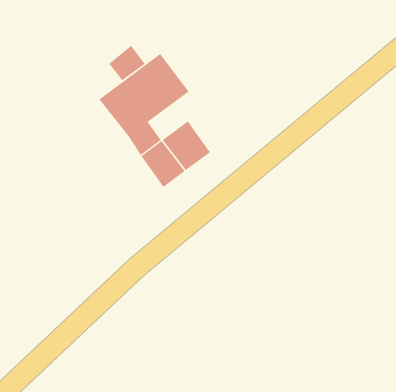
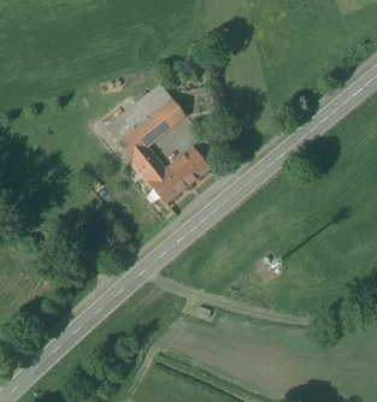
building: [108,45,145,81] -> none

